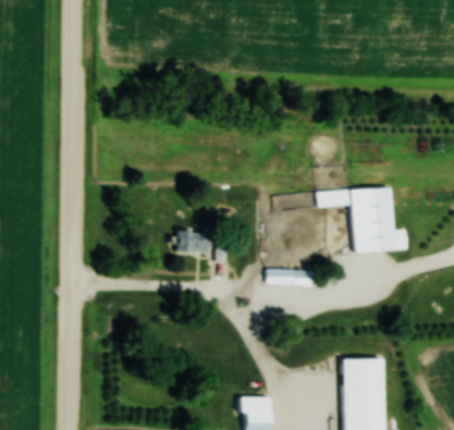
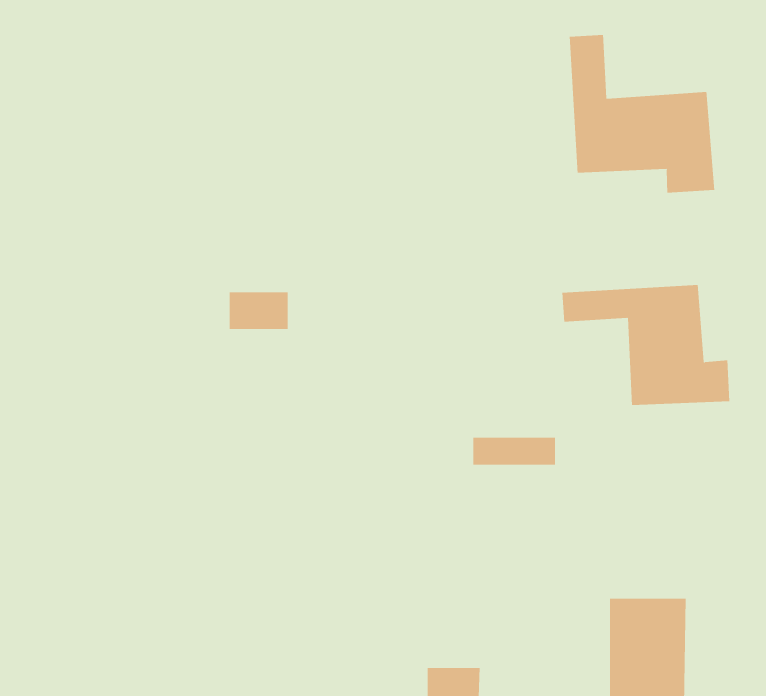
building: none -> [569,34,715,194]
building: [177,232,210,253] -> [229,292,288,329]

